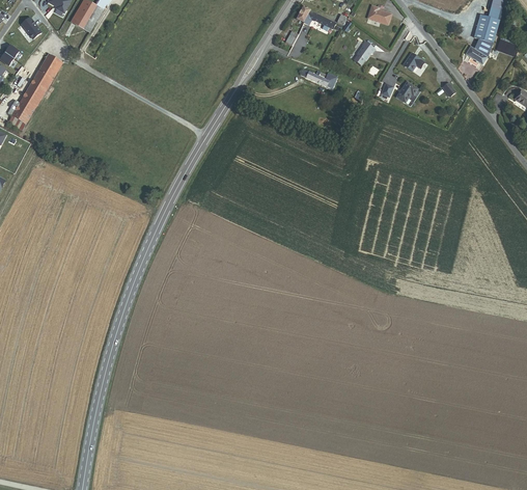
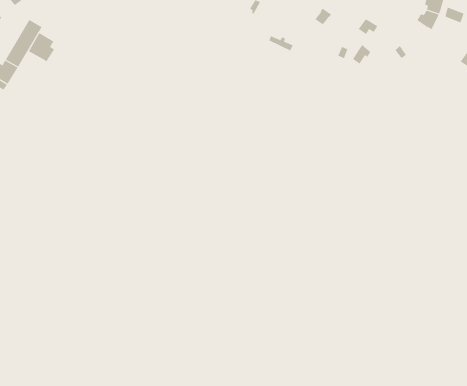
building: none -> [28,32,55,62]

